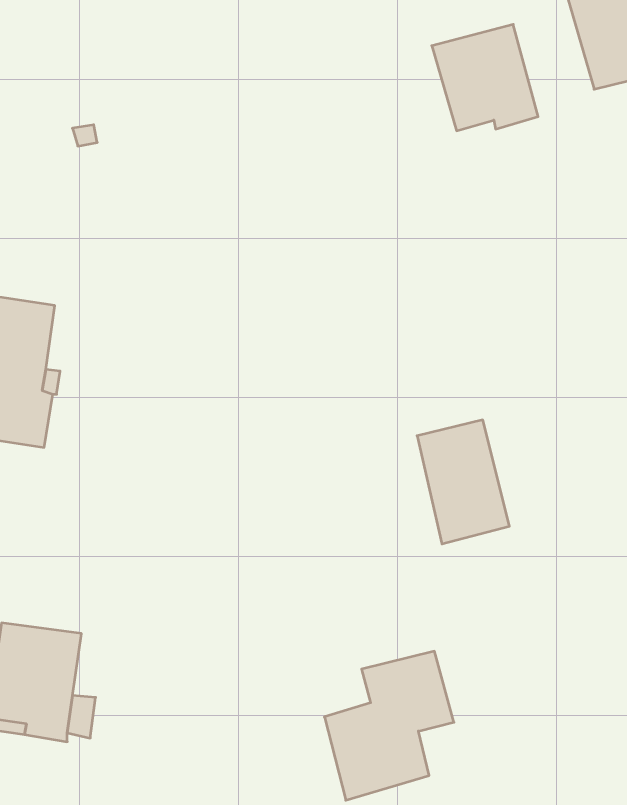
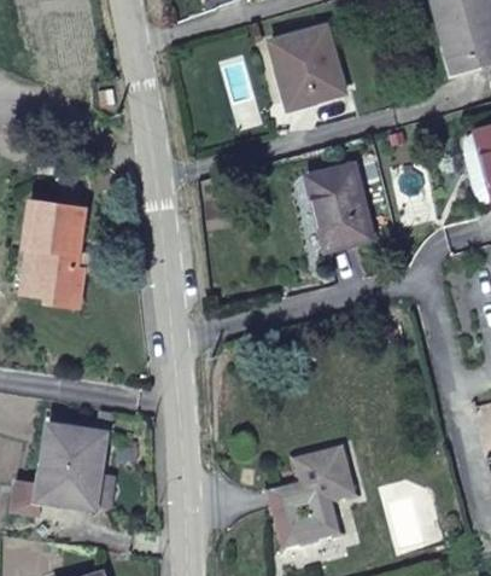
building: [432,24,538,131] -> [269,28,341,100]
building: [417,420,509,544] -> [308,165,370,250]

